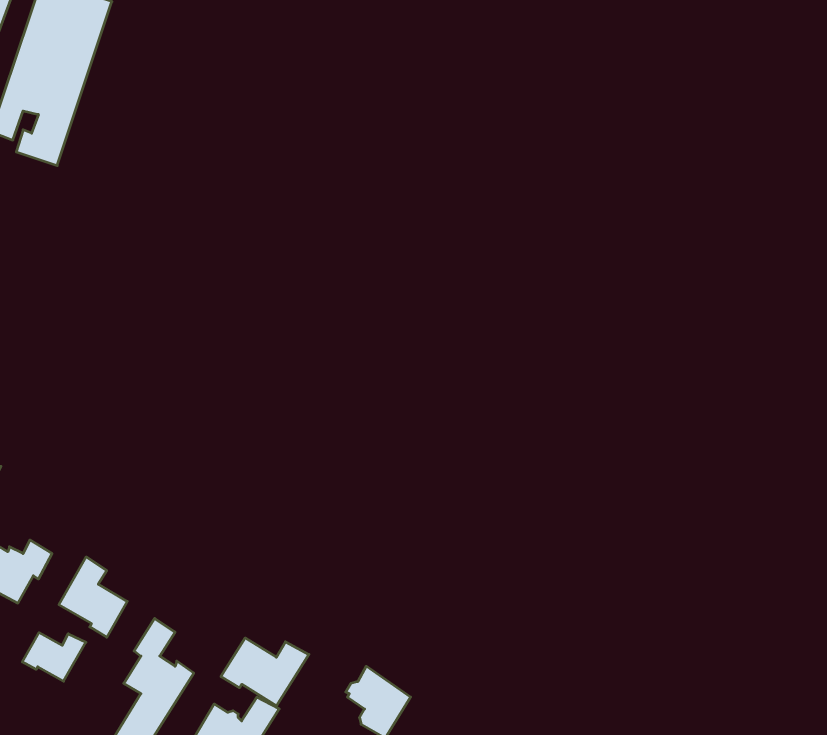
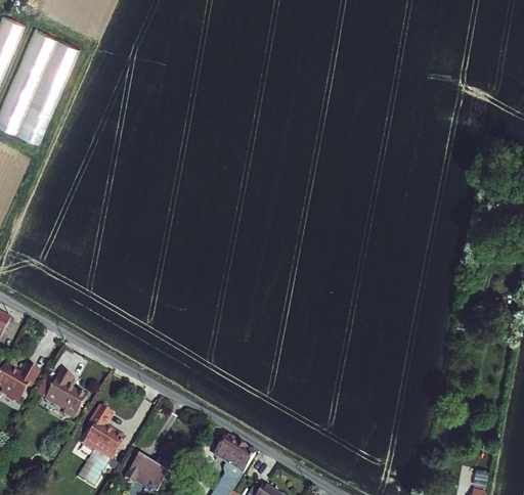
building: [22,633,86,681] -> none
building: [221,638,309,706] -> none

